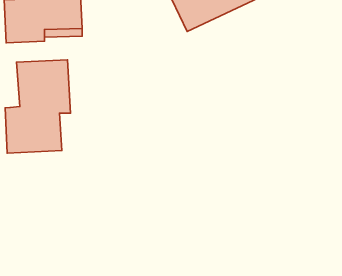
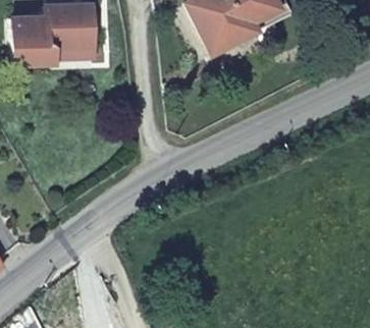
building: [5,60,70,153] -> none

